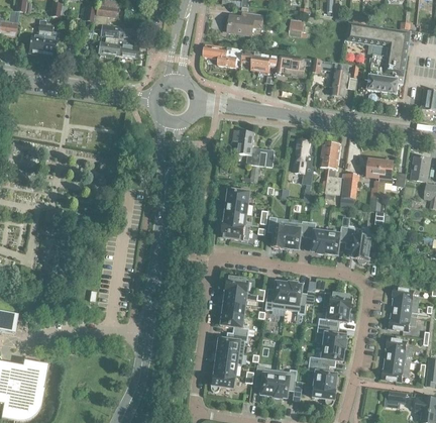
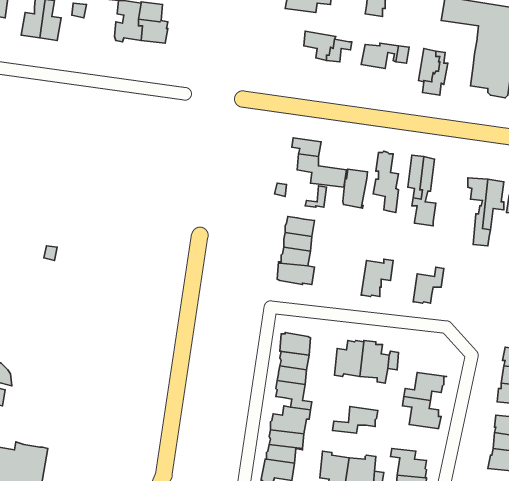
building: [203,46,242,67] -> none
building: none -> [343,169,367,208]
building: [340,173,359,207] -> none
building: [267,217,289,249] -> none
building: [307,222,327,254] -> none
building: [345,228,371,263] -> none
building: [322,293,350,310] -> none
building: [308,346,342,366] -> [333,406,378,433]

